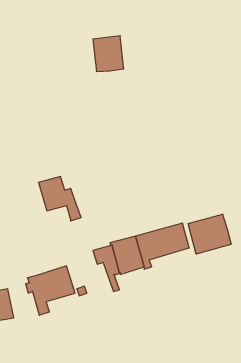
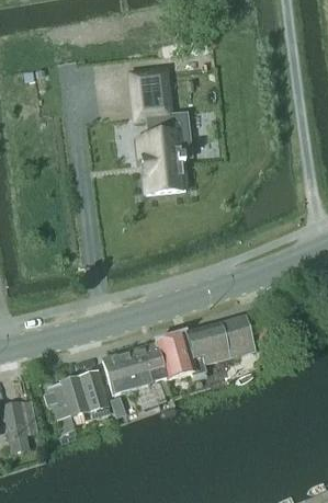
building: none -> [138,113,192,194]
building: [38,177,81,221] -> [103,351,158,408]
building: [188,214,231,254] -> none

